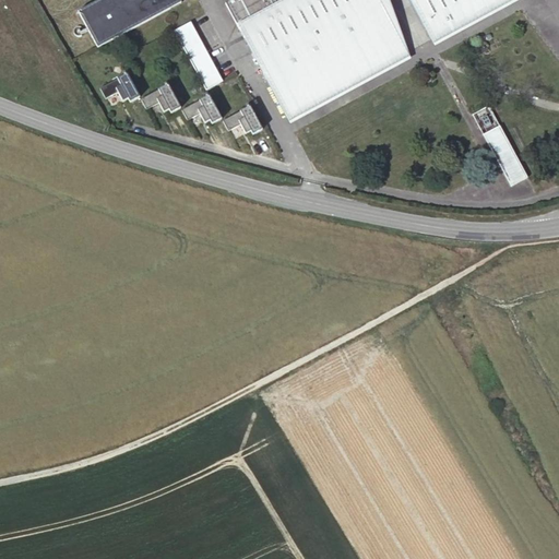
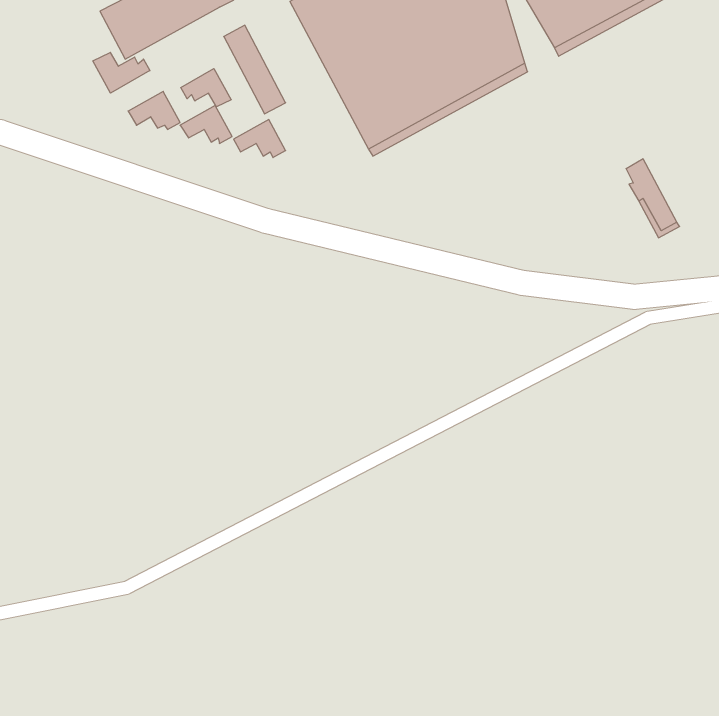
building: none -> [93,52,150,93]
building: none -> [181,69,231,107]
building: [222,104,262,133] -> none

